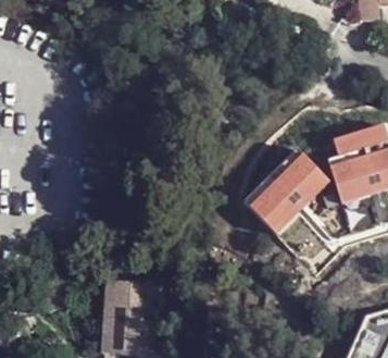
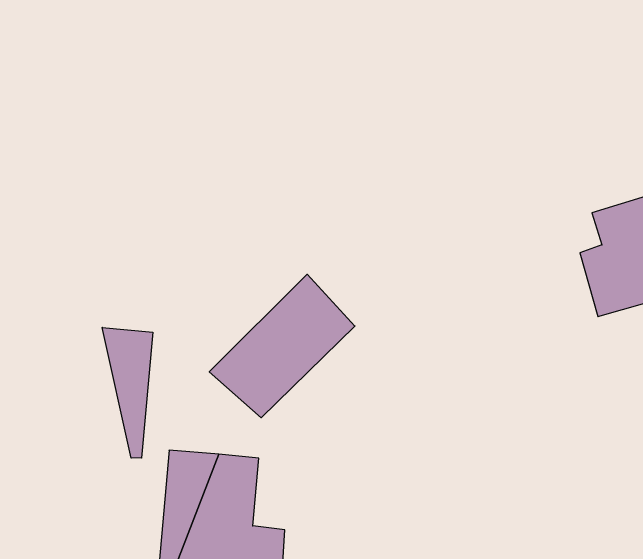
building: [246,151,325,230] -> [209,274,355,418]
building: none -> [102,327,153,458]

